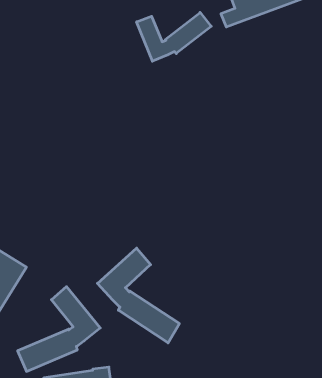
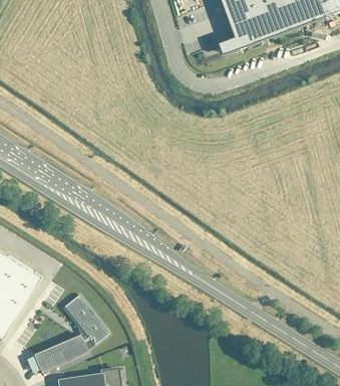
building: [137,12,211,61] -> none
building: [97,248,179,343] -> none

